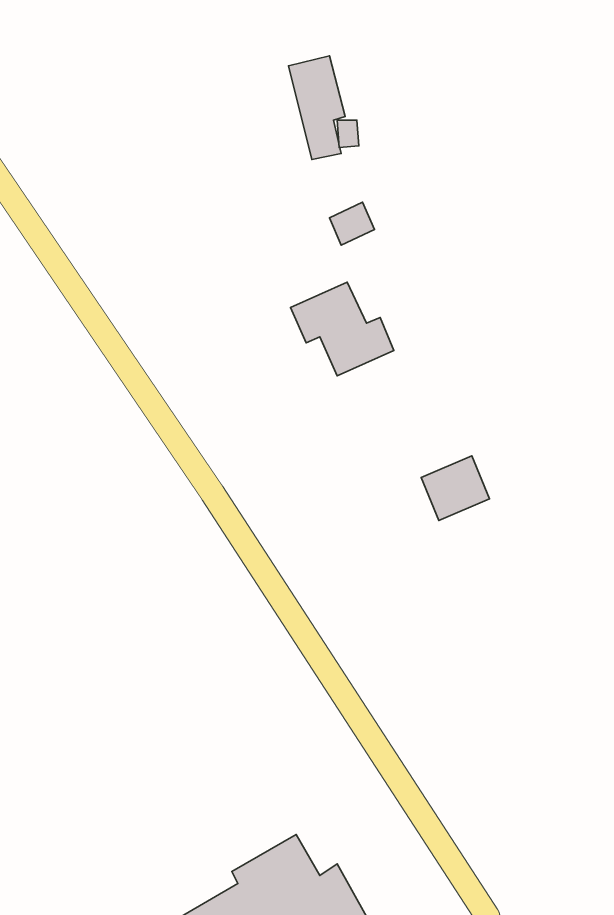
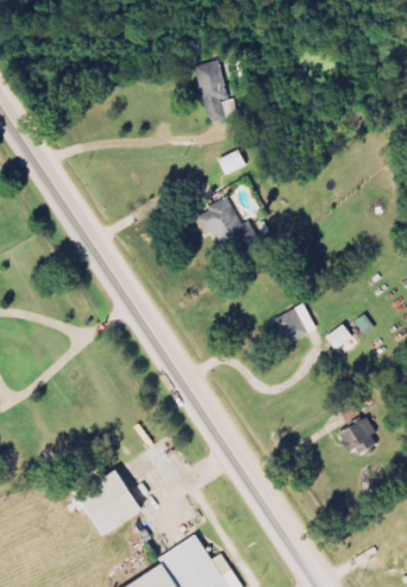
building: none -> [325,324,356,356]
building: none -> [336,416,377,454]
building: none -> [80,470,143,536]

